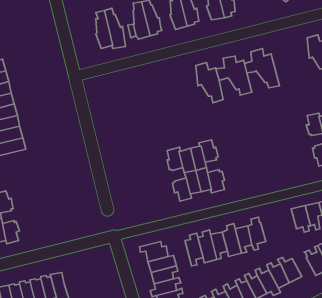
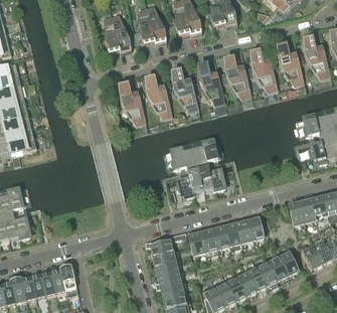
building: none -> [271,46,304,84]
building: none -> [172,72,198,110]
building: none -> [145,79,172,117]
building: none -> [119,86,146,123]

